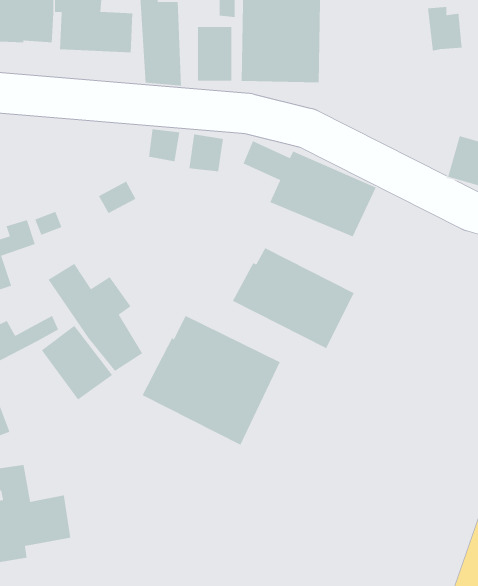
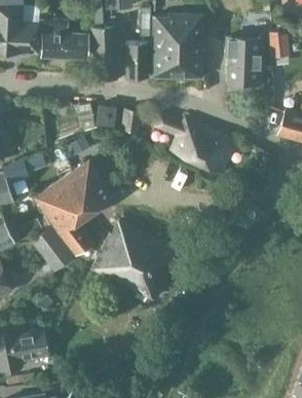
building: none -> [226,37,260,83]
building: none -> [50,160,112,214]
building: [232,247,355,349] -> none

